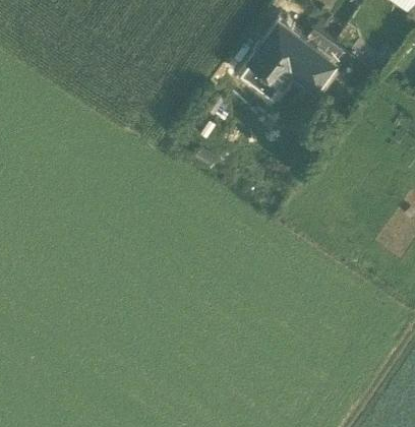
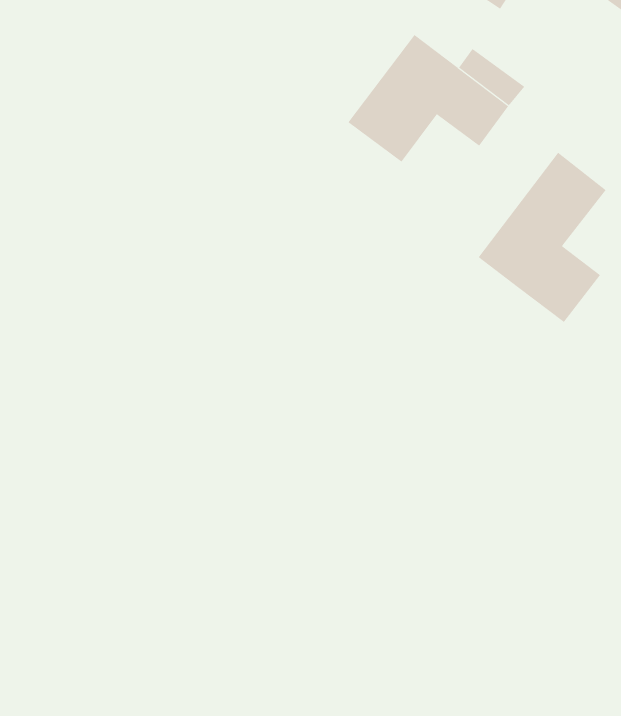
building: none -> [478,152,606,323]

